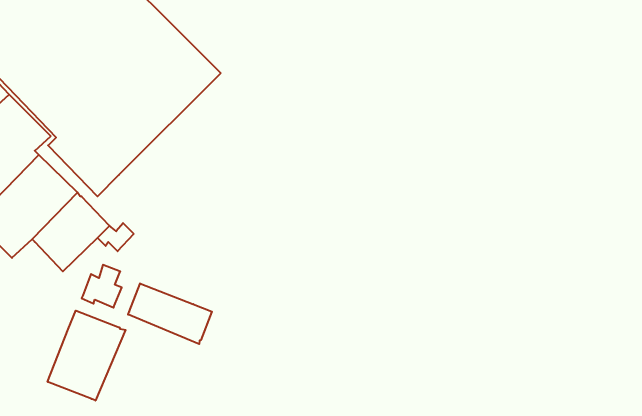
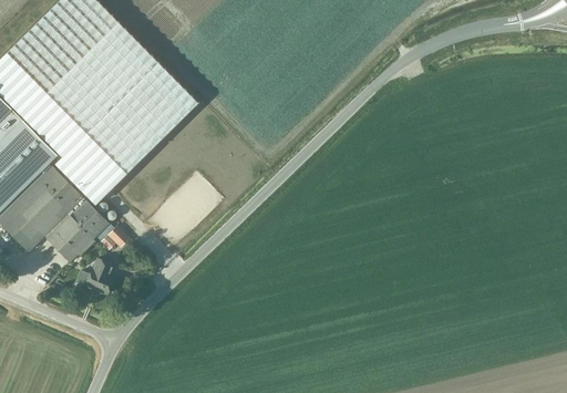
building: [128,283,212,344] -> none
building: [48,311,126,401] -> none

